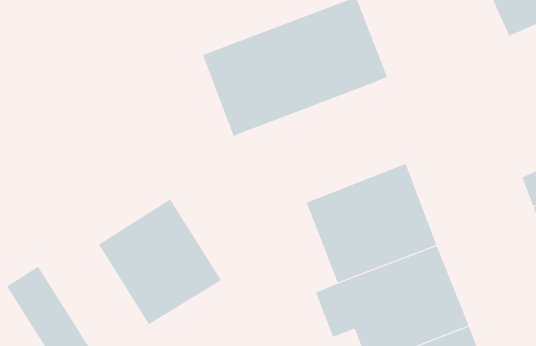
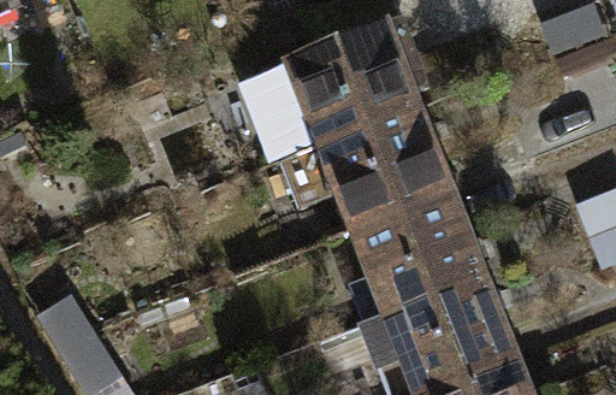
building: none -> [282,105,454,230]
building: [98,199,222,325] -> none

